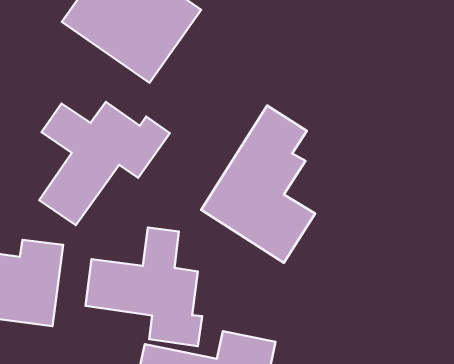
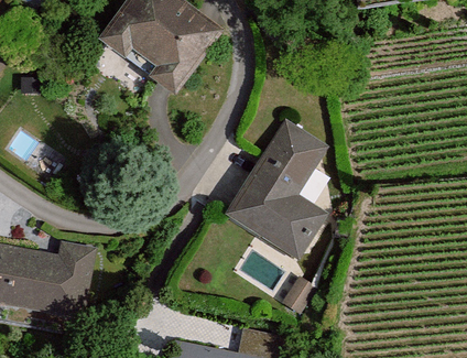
building: [39,102,170,225] -> none
building: [86,227,202,346] -> none

